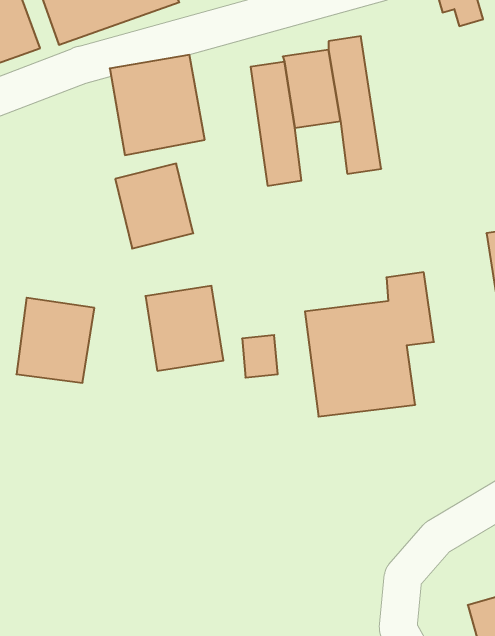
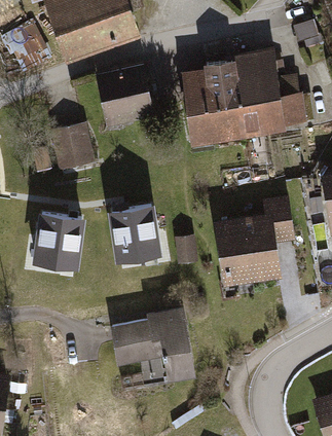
building: none -> [247,49,316,134]
building: none -> [207,105,238,141]
building: [115,164,193,249] -> [48,123,96,175]
building: none -> [110,303,197,382]

